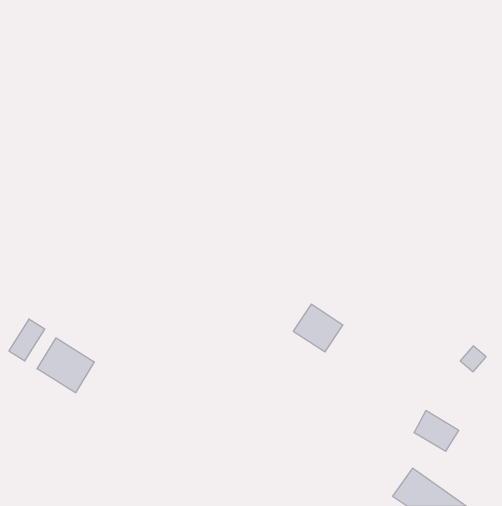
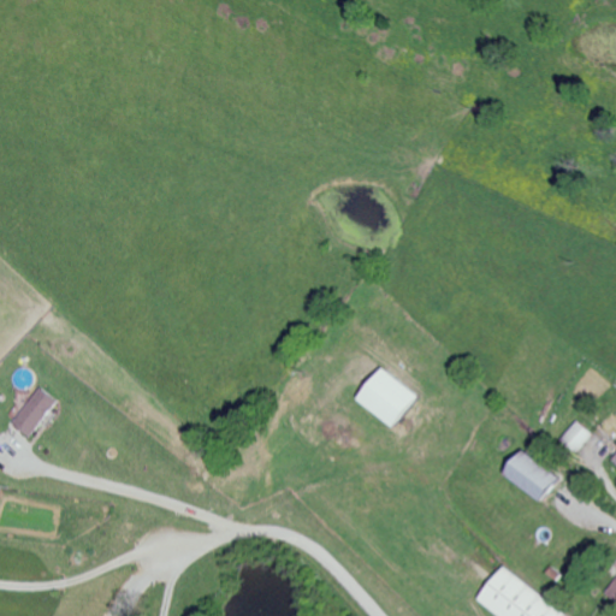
building: [37,338,94,393] -> none
building: [414,411,459,451] -> [503,450,557,499]

